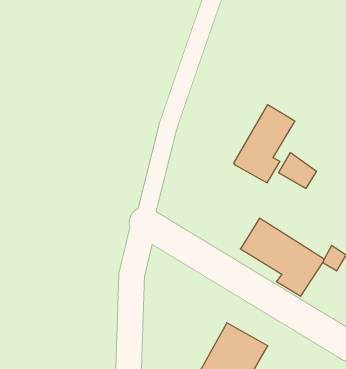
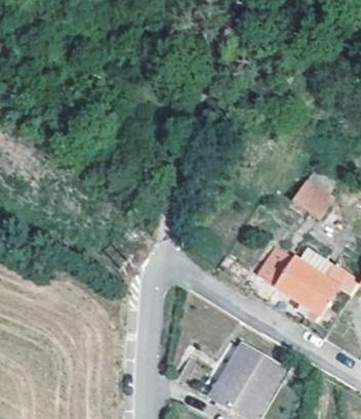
building: [234,105,295,183] -> none

